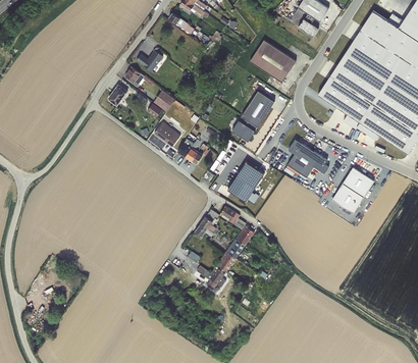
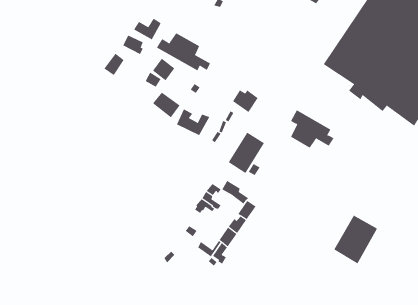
building: [249,40,296,82] -> none
building: none -> [156,32,211,71]
building: [241,90,274,127] -> none
building: [332,166,375,214] -> [334,215,378,264]

